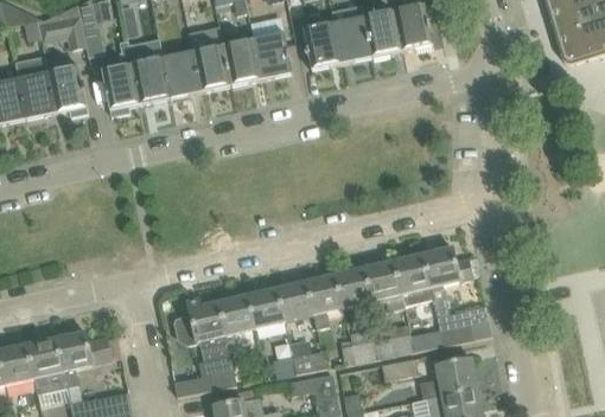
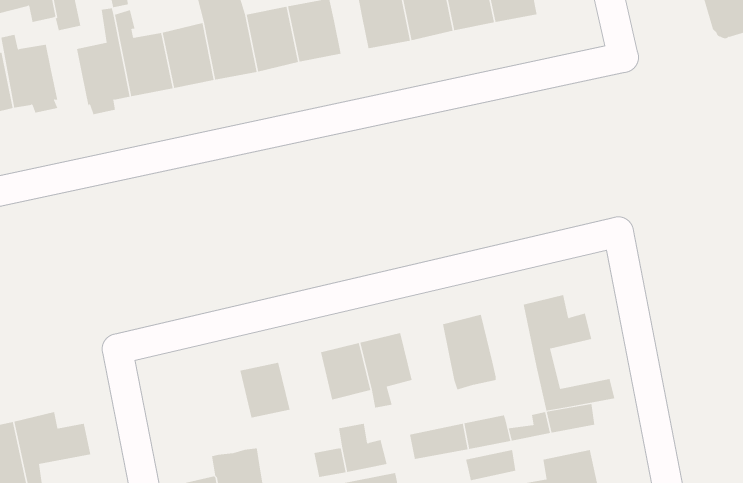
building: [394,252,433,304] -> none
building: [336,267,374,310] -> none
building: [248,287,286,328] -> none
building: [174,297,228,345] -> none

